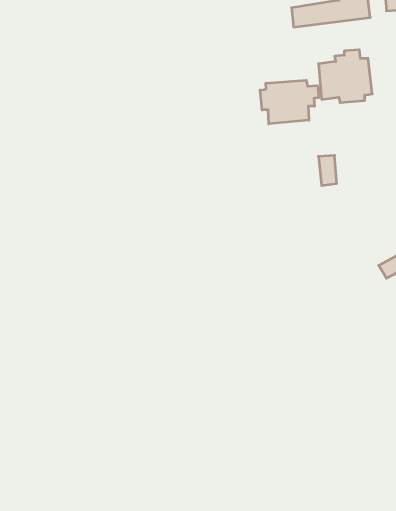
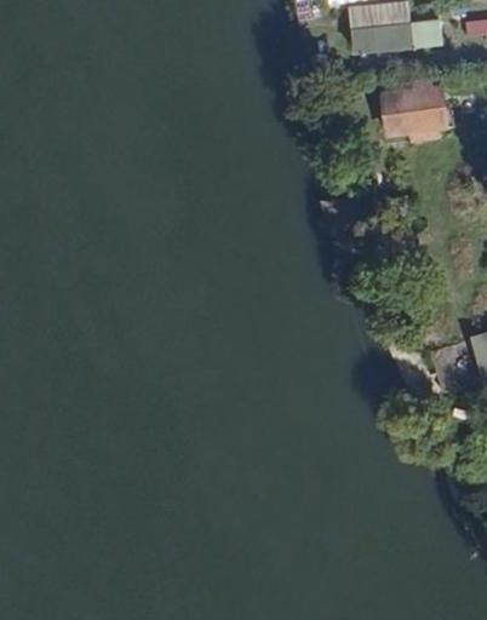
building: [260,80,319,124] -> none

